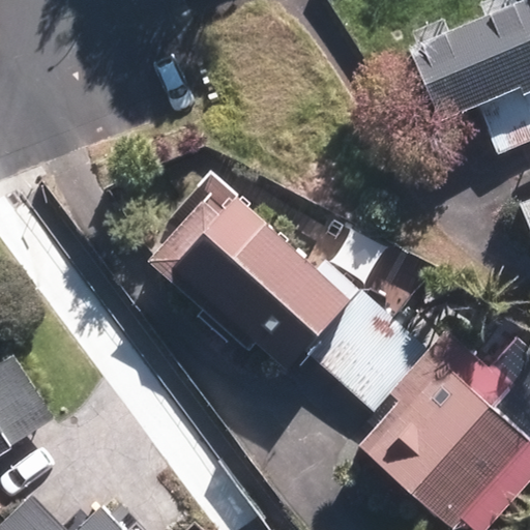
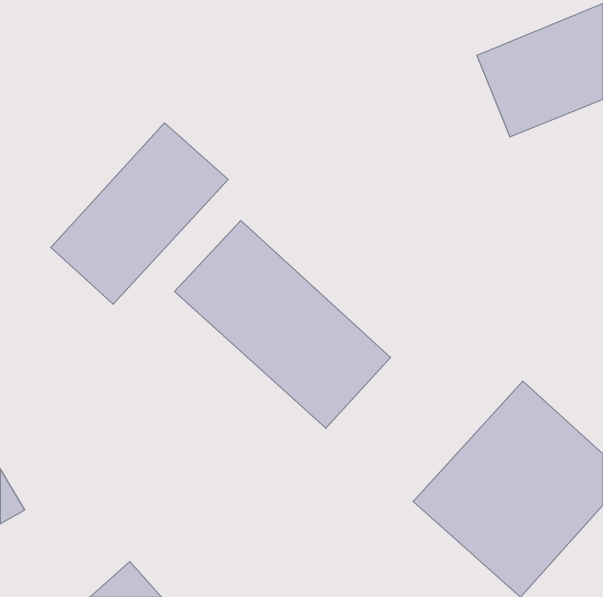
building: none -> [51,123,228,304]

